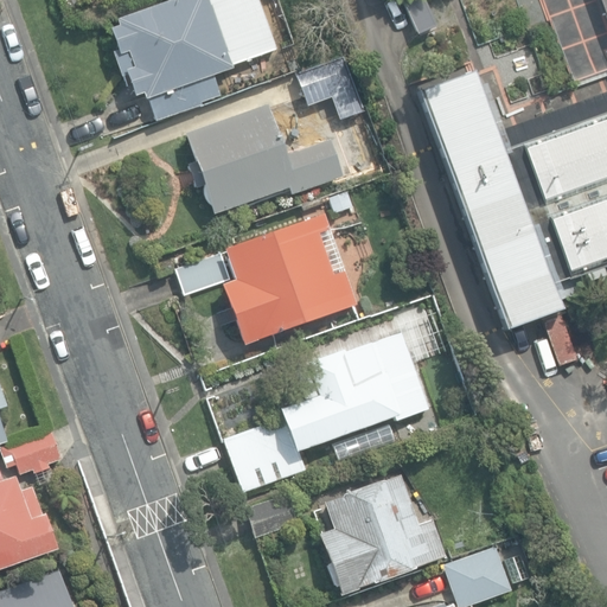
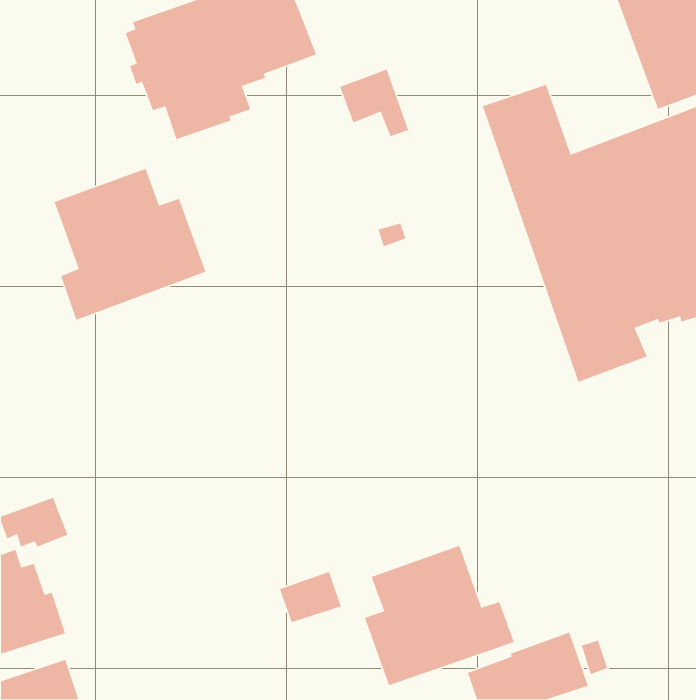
building: [186,104,345,215] -> none
building: none -> [54,168,206,321]
building: [179,216,358,347] -> none
building: [226,313,430,492] -> none

